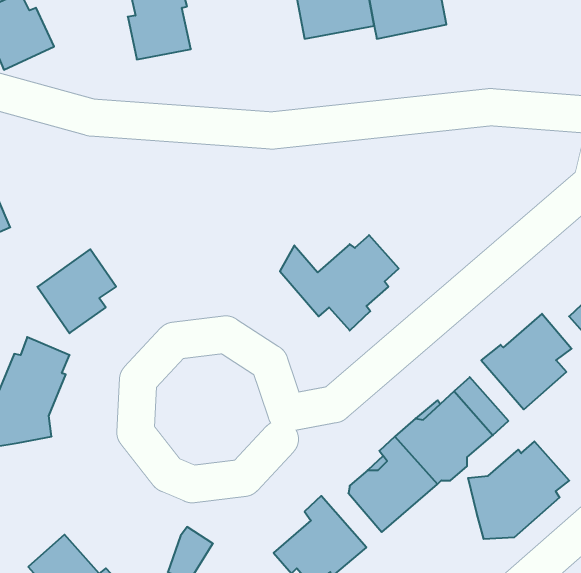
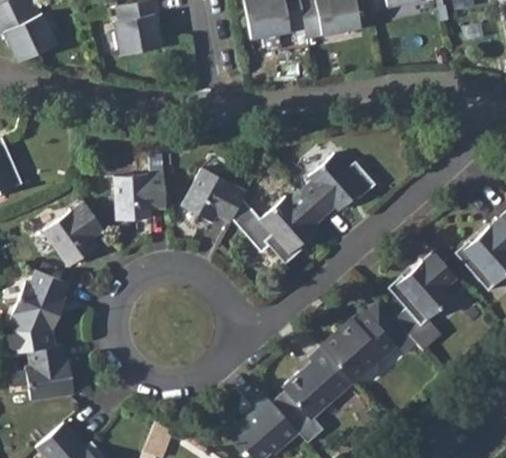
building: none -> [300,153,374,216]
building: none -> [181,167,246,222]
building: none -> [113,173,165,220]
building: none -> [25,345,74,401]
building: [468,441,569,539] -> none

